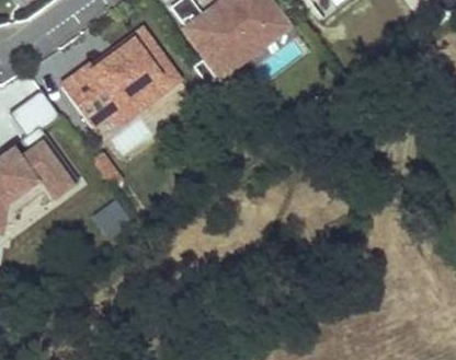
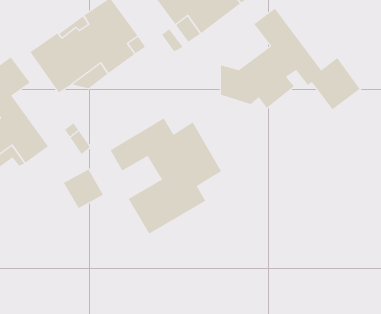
building: none -> [220,8,361,110]
building: none -> [110,117,222,235]

